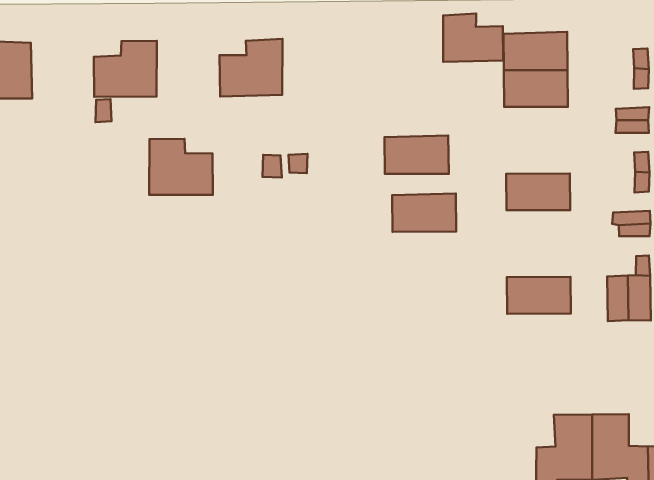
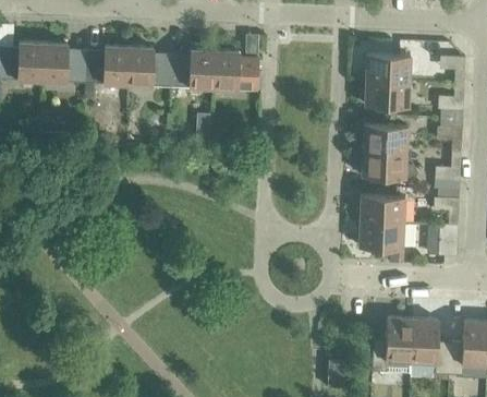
building: [443,13,503,62] -> none
building: none -> [214,49,259,89]
building: none -> [42,43,86,82]
building: [385,136,449,174] -> [364,124,409,152]
building: [149,139,213,195] -> [127,46,172,86]
building: [392,193,456,232] -> [361,195,405,222]

